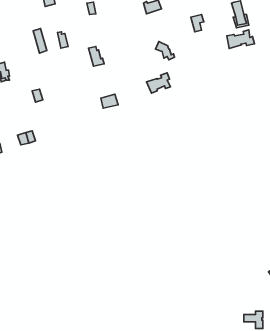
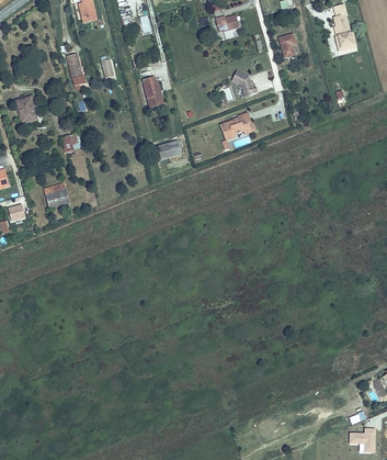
building: [227,30,254,49] -> none

